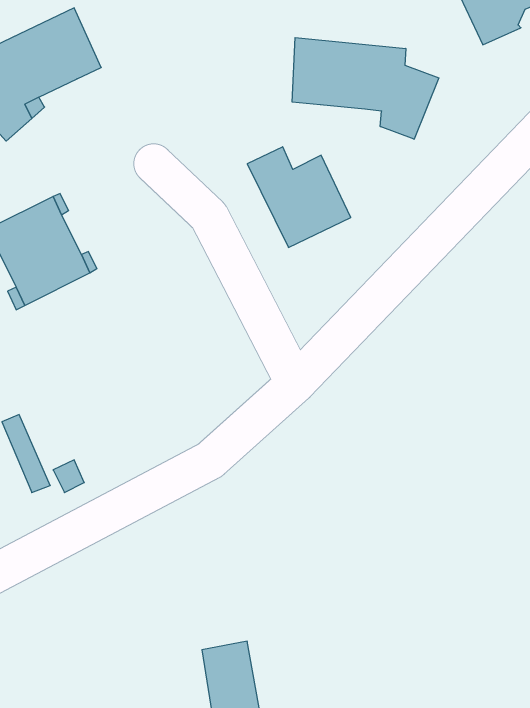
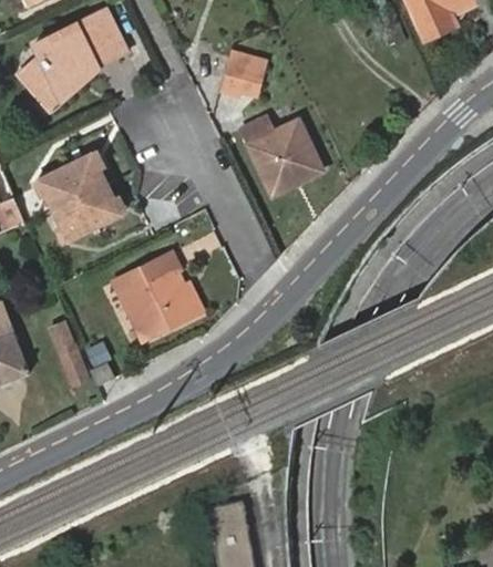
building: [292,38,439,139] -> none
building: none -> [223,48,270,97]
building: none -> [112,251,196,338]

